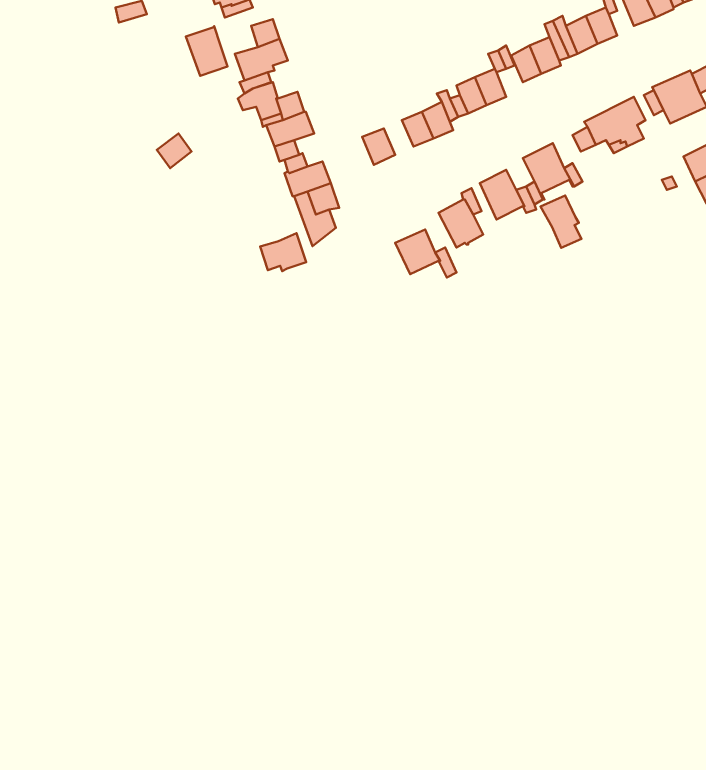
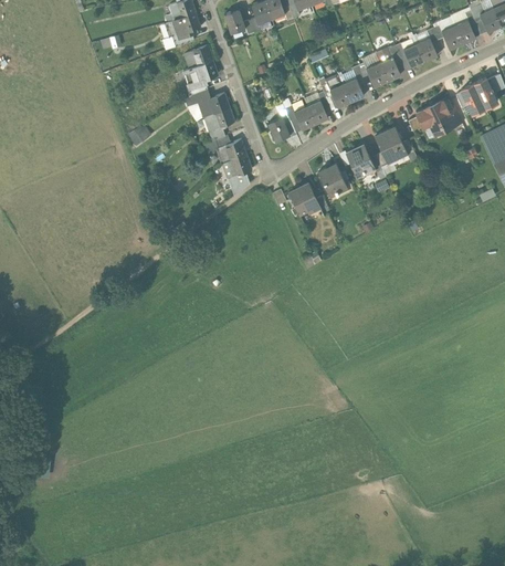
building: [186,26,228,76] -> none
building: [541,195,581,248] -> none
building: [260,233,306,271] -> none

